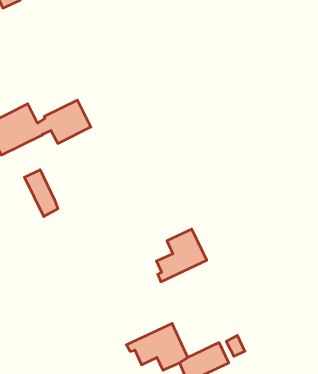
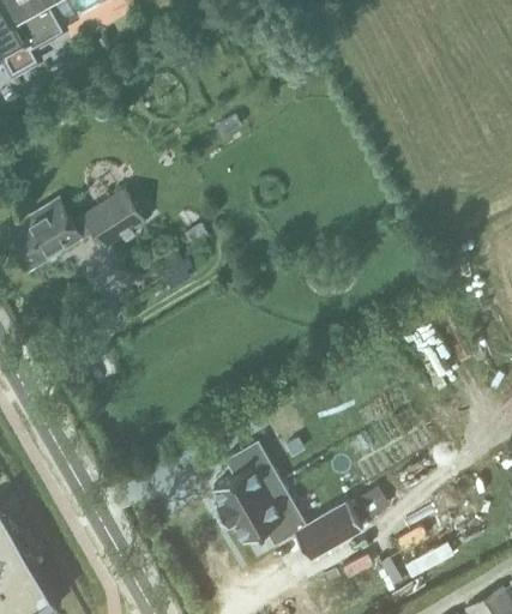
building: [24,170,58,217] -> none
building: [156,229,207,282] -> [212,441,281,517]

